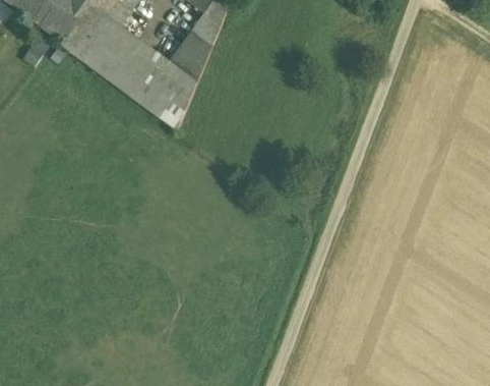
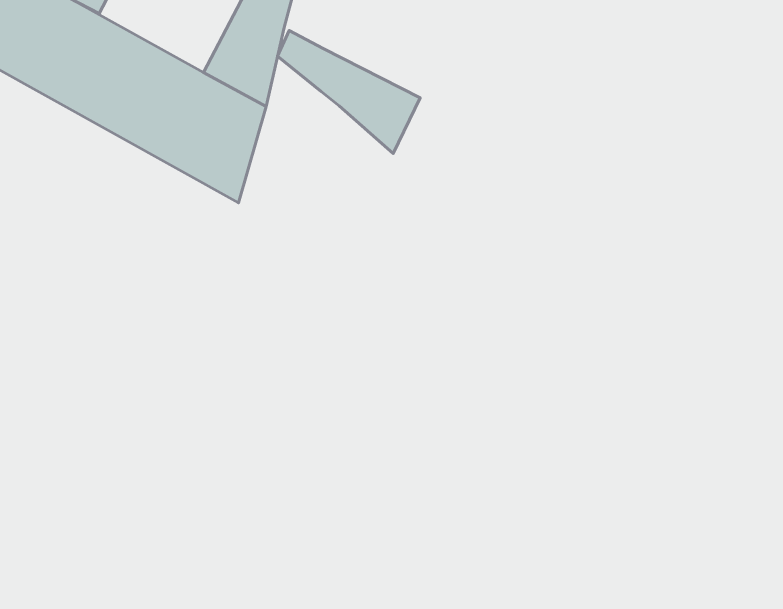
building: none -> [278,30,420,153]

